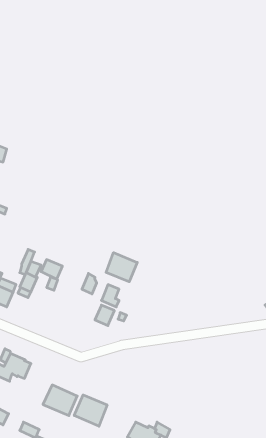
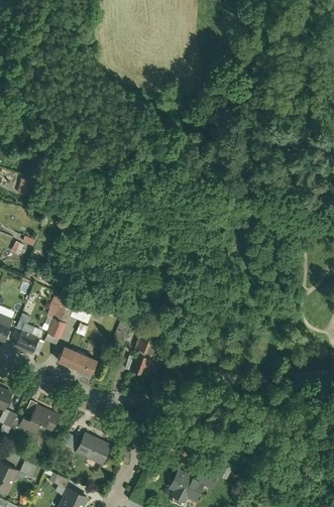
building: [106,253,137,282] -> none
building: none -> [60,342,99,375]
building: [74,395,107,426] -> none

